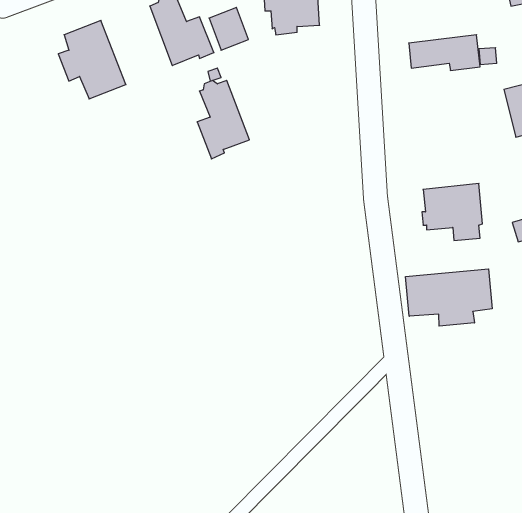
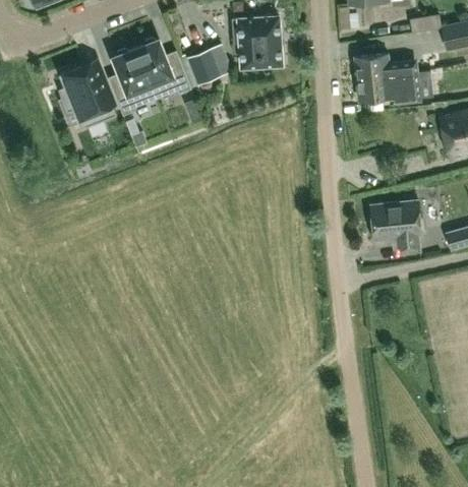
building: none -> [355,53,416,78]
building: [197,80,249,159] -> [111,47,156,114]
building: [406,269,492,326] -> none

